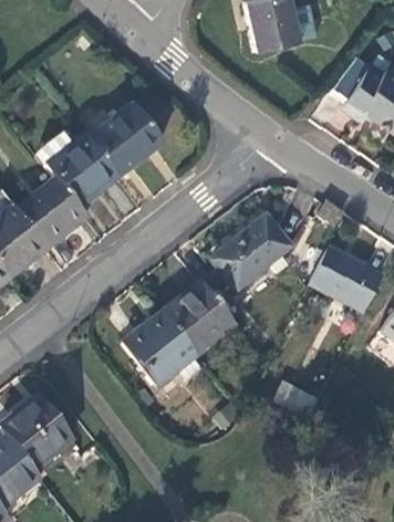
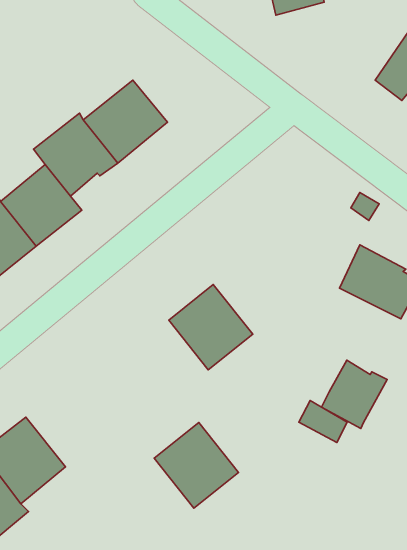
building: [214,216,293,290] -> none
building: [125,311,198,385] -> [154,423,238,508]
building: none -> [321,360,387,429]

